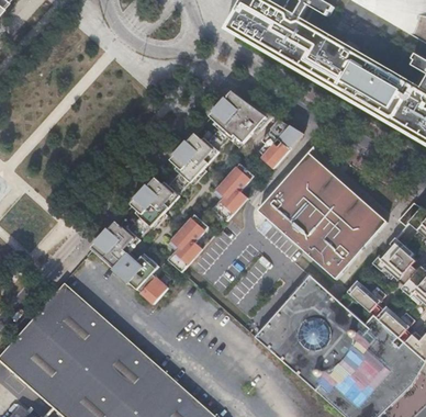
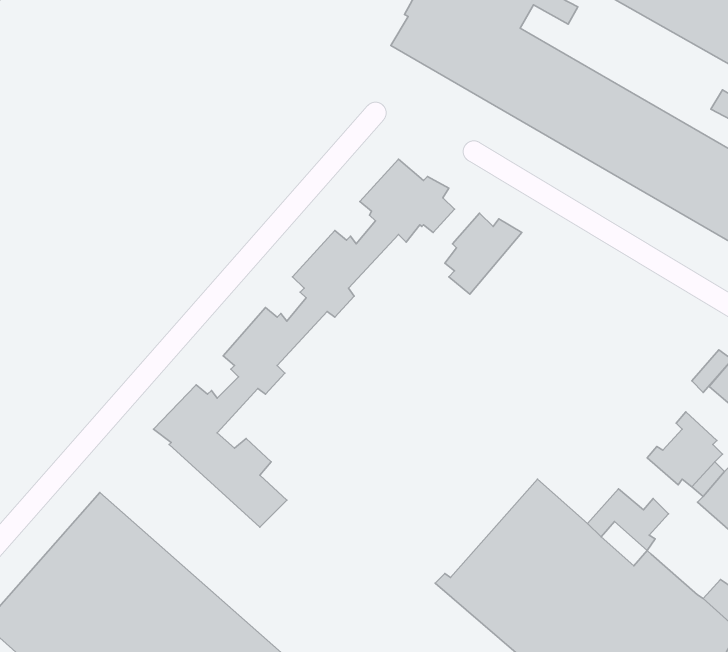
building: [258,151,388,279] -> none
building: [215,164,255,219] -> none
building: [170,214,209,271] -> none
building: [375,305,414,340] -> none

